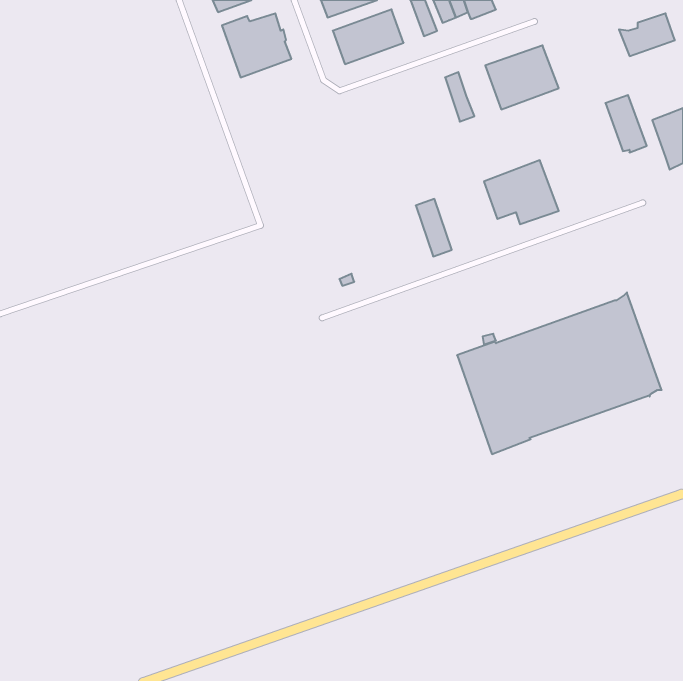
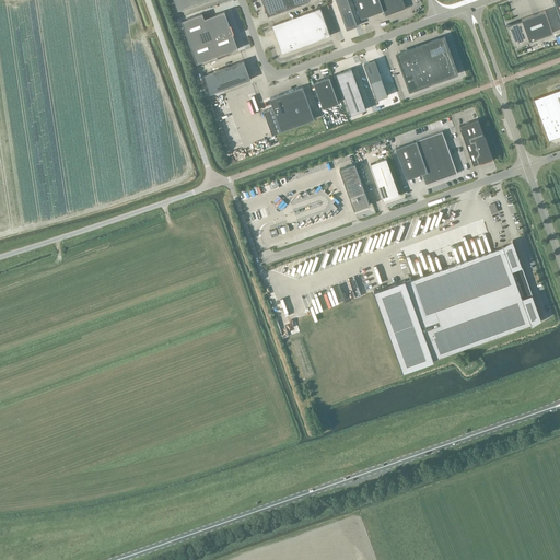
building: none -> [203,61,250,95]
building: none -> [336,69,366,116]
building: none -> [314,77,339,108]
building: [605,95,647,152] -> [459,119,493,166]
building: none -> [265,86,314,135]
building: none -> [371,159,399,200]

